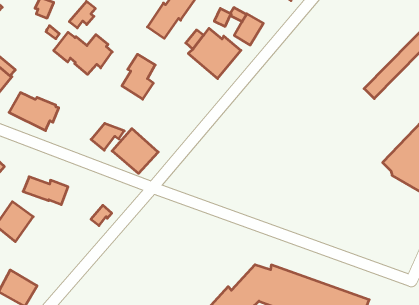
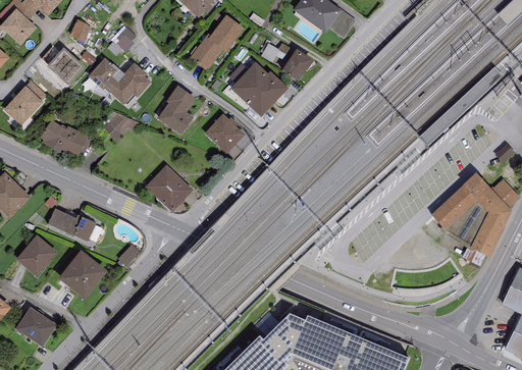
building: none -> [47,48,84,85]
building: none -> [204,113,246,155]
building: [91,123,124,150] -> [103,112,139,141]
building: none -> [58,251,107,300]

